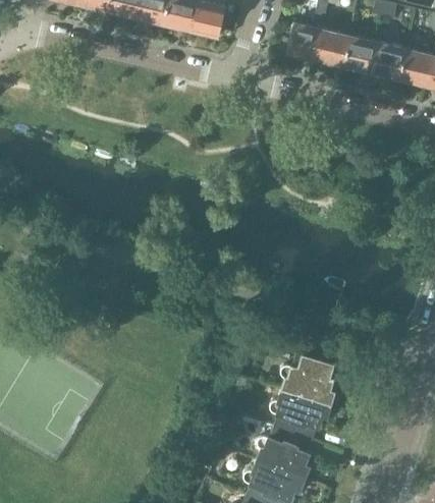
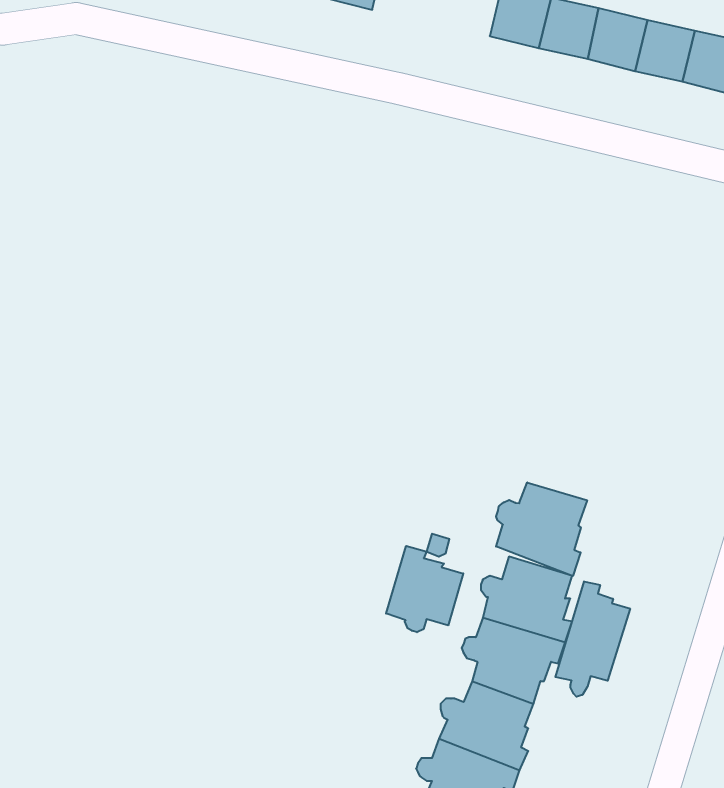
building: none -> [496,482,587,576]
building: none -> [386,546,463,632]
building: none -> [555,581,630,697]

